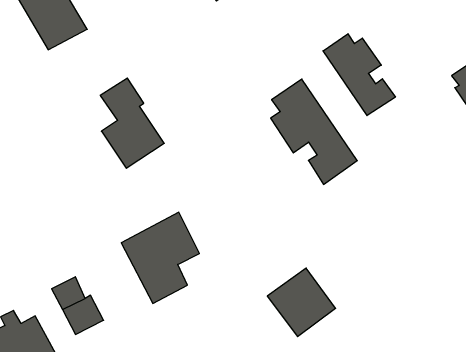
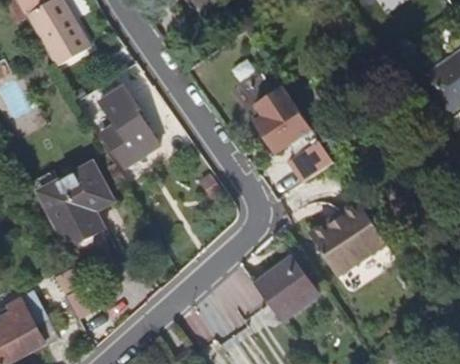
building: [323,34,395,116] -> none
building: none -> [312,197,391,274]
building: [121,212,199,303] -> [39,163,111,247]

